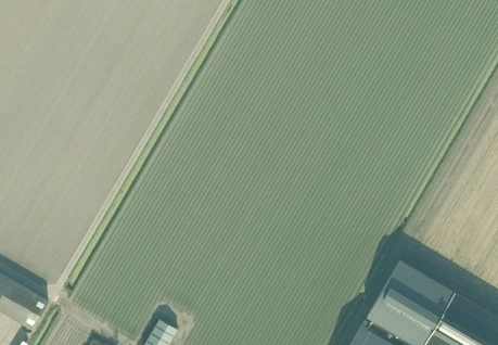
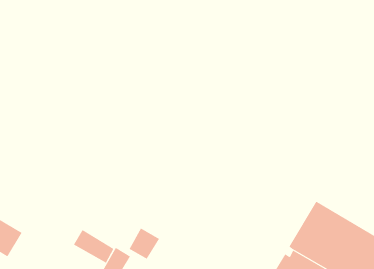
building: none -> [129,227,160,260]
building: none -> [73,229,114,264]

